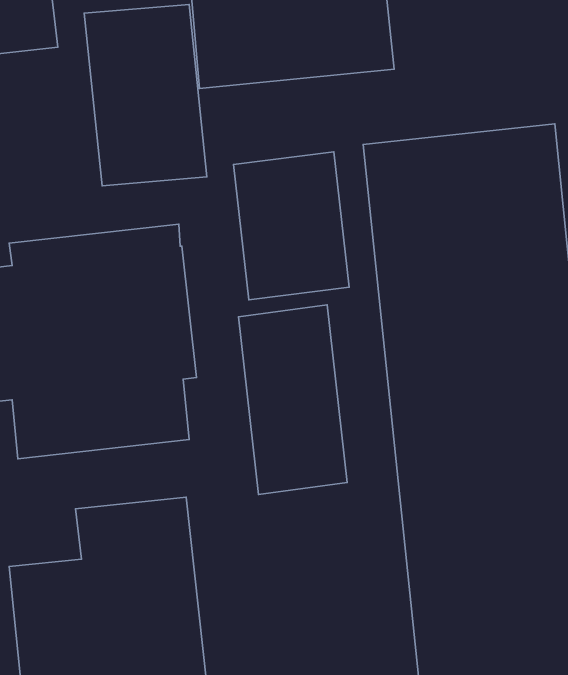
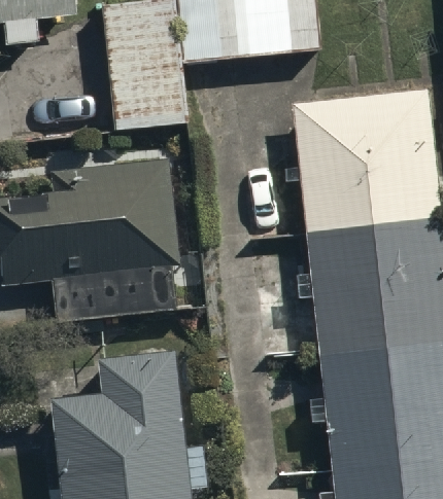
building: [234,152,349,300] -> none
building: [238,305,347,494] -> none

